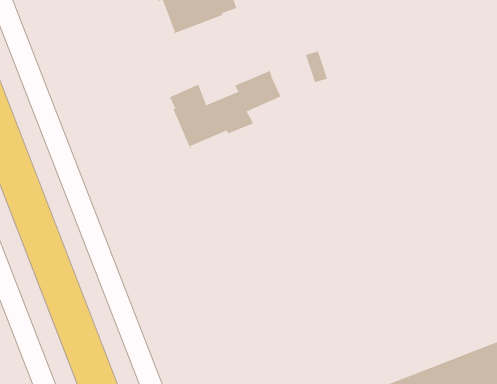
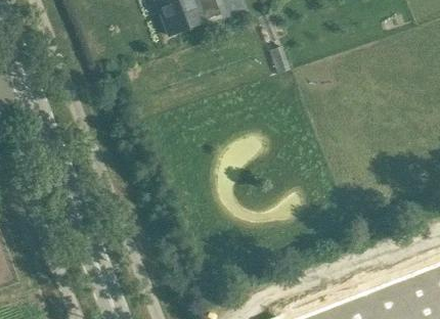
building: [169,70,281,150] -> none

